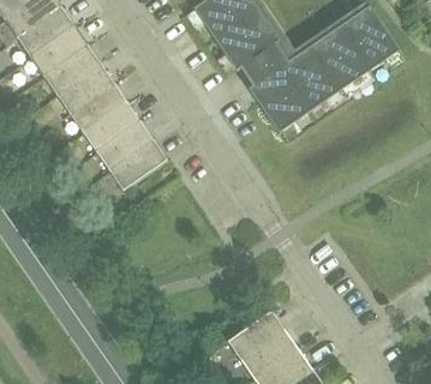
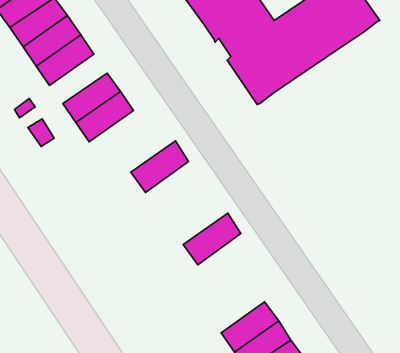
building: [70,82,127,131] -> none
building: [109,138,167,190] -> [131,141,189,193]
building: [227,308,285,360] -> [183,213,241,265]

